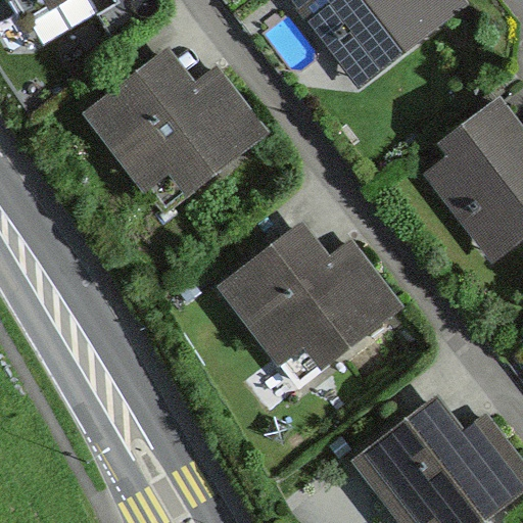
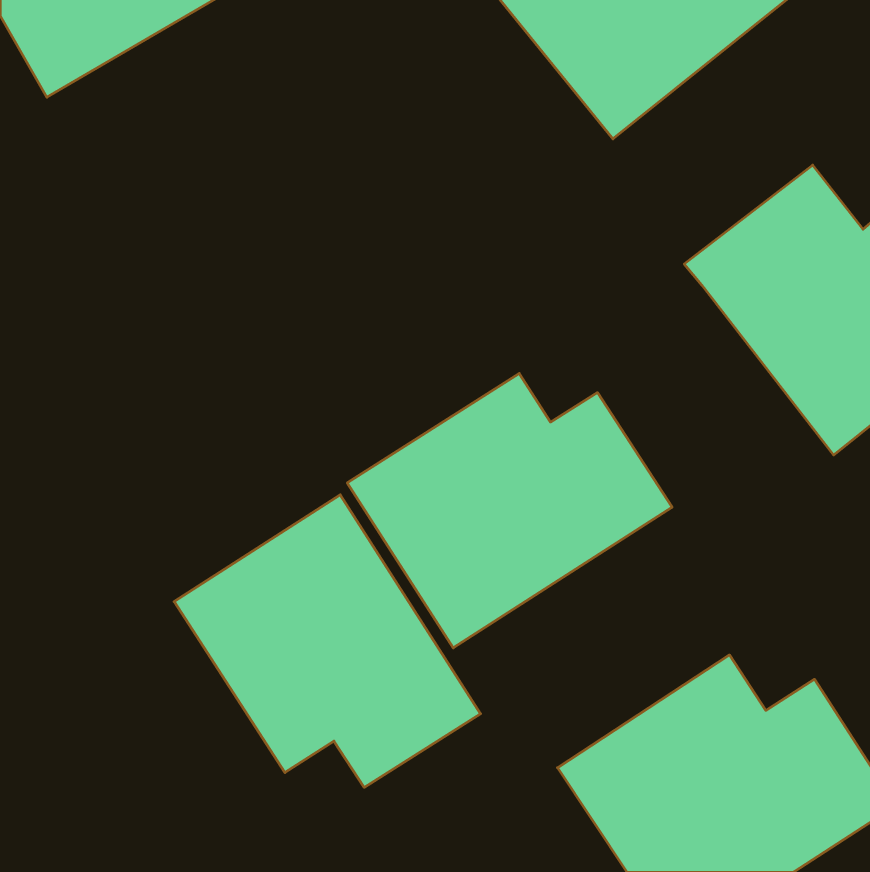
building: [77,51,289,227] -> none
building: none -> [174,495,481,787]

